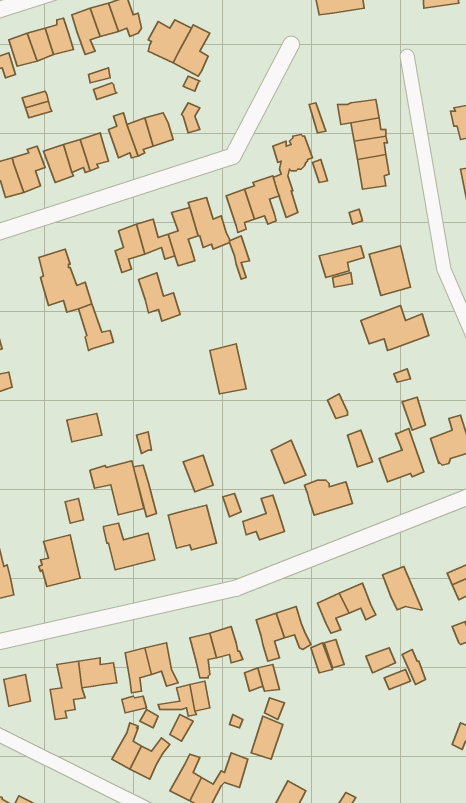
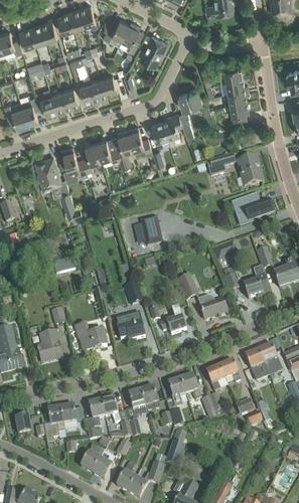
building: none -> [139,34,167,65]
building: [139,273,180,321] -> [61,146,87,175]
building: [90,461,144,515] -> none
building: none -> [258,343,281,375]

